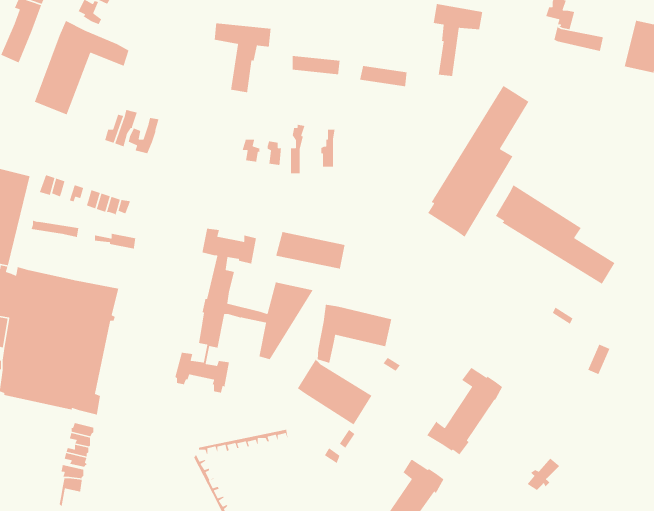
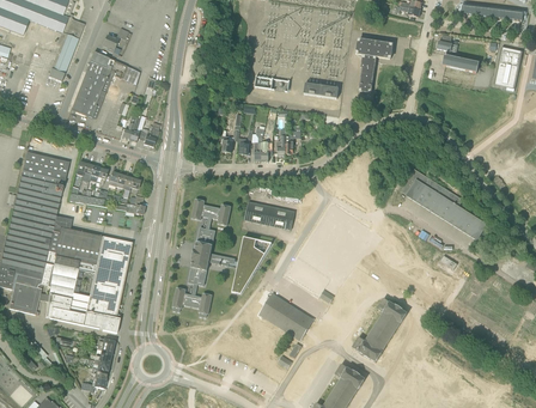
building: [214,22,272,93] -> none
building: [427,85,530,238] -> none
building: [317,304,392,364] -> none

